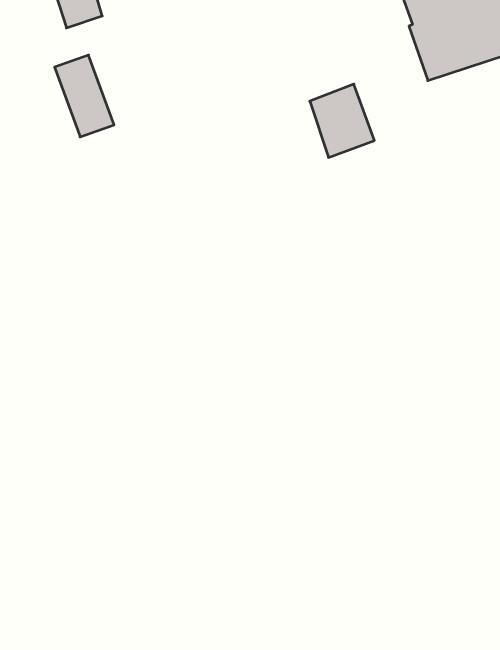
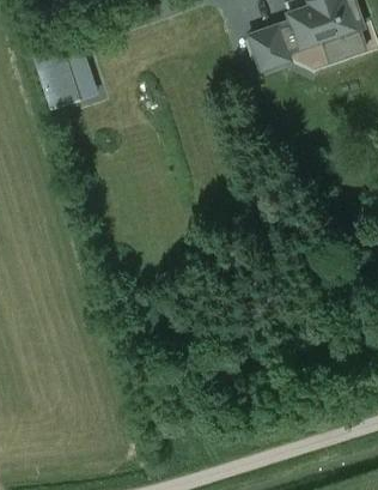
building: [310,84,374,157] -> [246,20,292,72]

